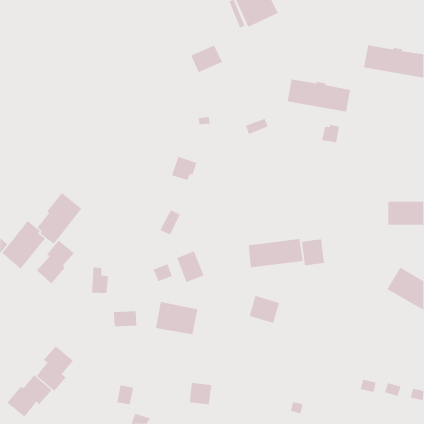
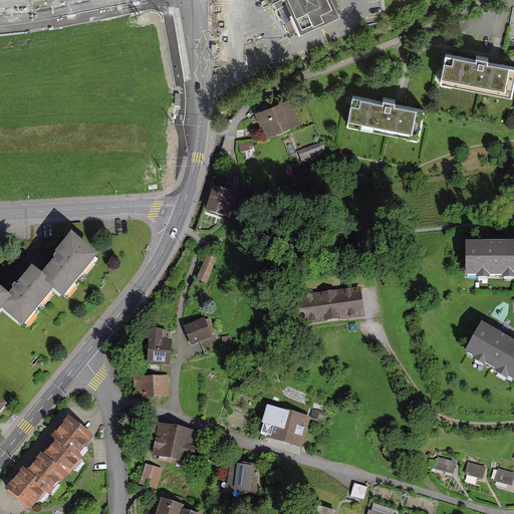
building: [191,45,223,73] -> [257,97,296,132]
building: [322,124,340,143] -> none
building: [301,238,325,266] -> none
building: [36,239,75,284] -> none
building: [176,250,204,283] -> none
building: [91,267,109,294] -> [148,328,169,360]
building: [249,295,280,324] -> [269,409,306,443]
building: [155,302,198,335] -> [153,425,205,465]

